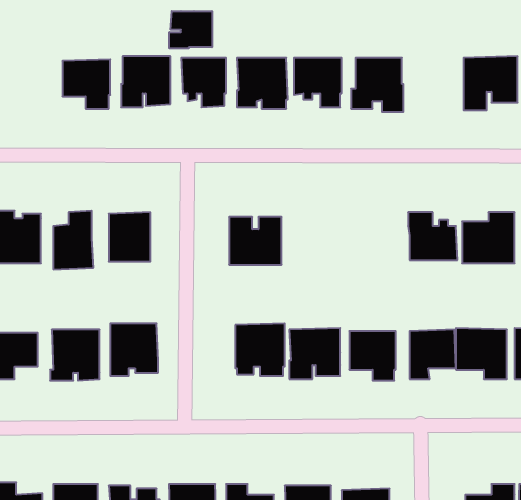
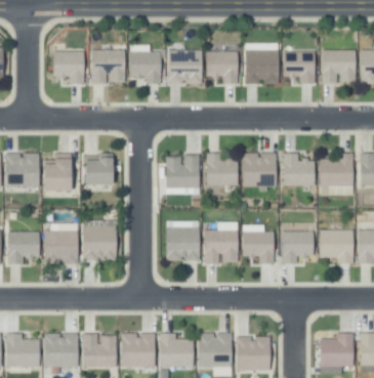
building: [169,11,212,48] -> none
building: none -> [281,50,314,84]
building: none -> [241,153,275,185]
building: none -> [205,154,236,185]

